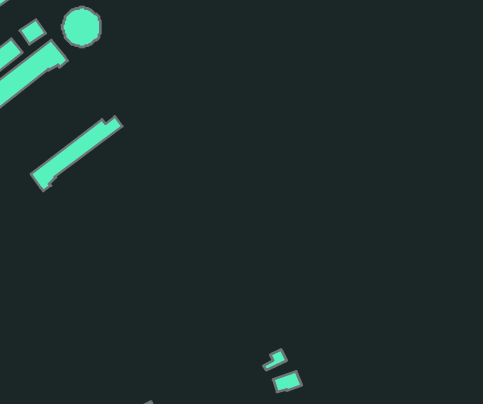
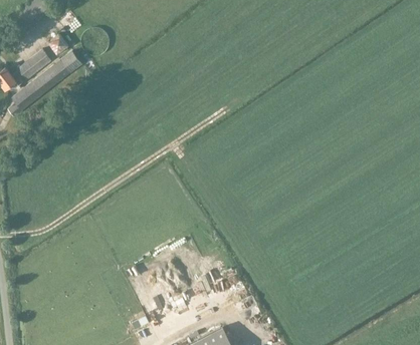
building: [31,116,122,191] -> none

